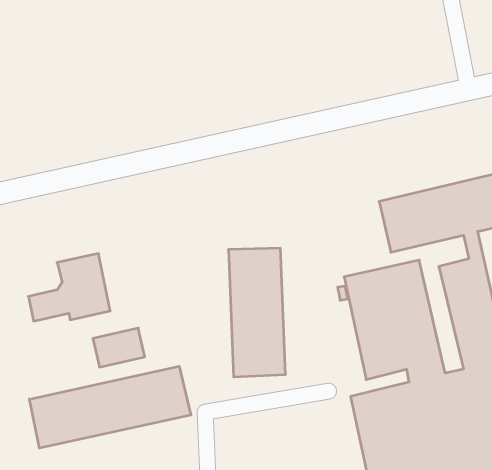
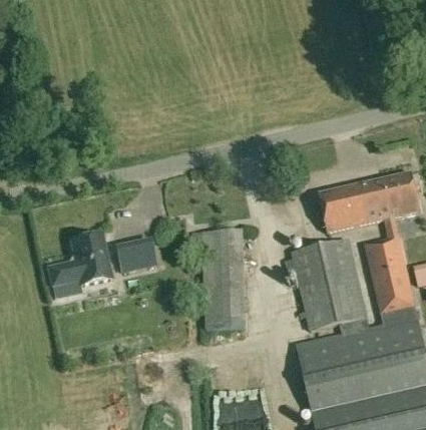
building: [93,328,145,367] -> [119,240,159,270]
building: [29,366,191,448] -> none

